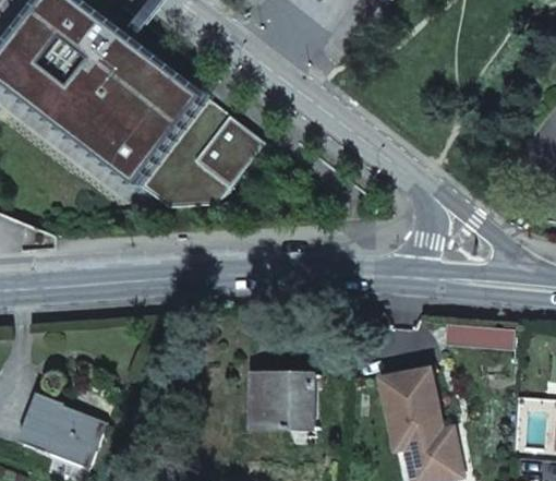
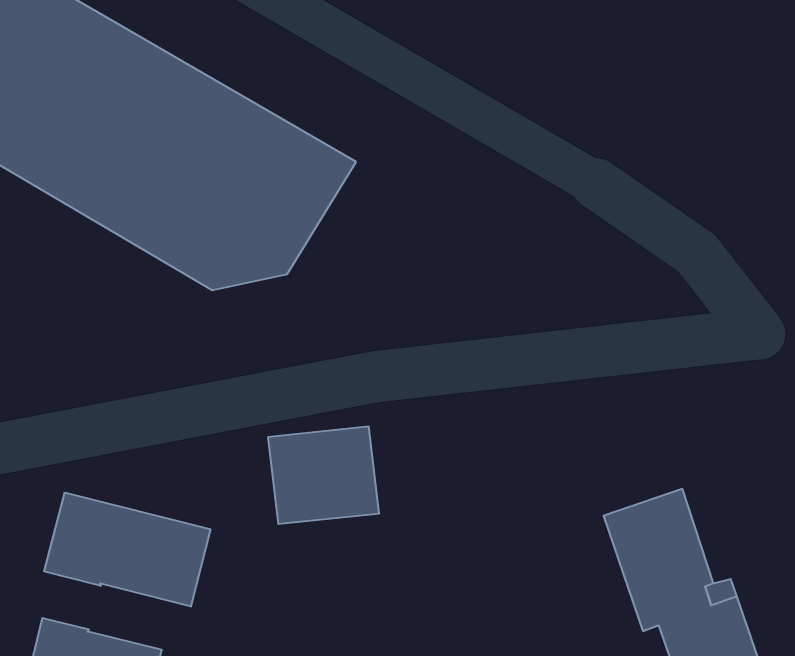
building: none -> [44,493,210,607]
building: [249,371,312,426] -> [268,427,379,524]

